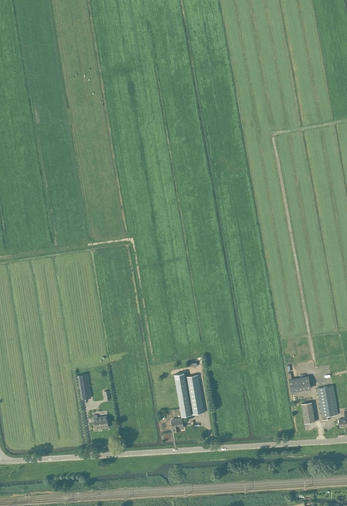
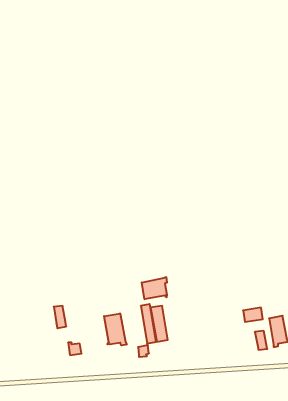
building: none -> [142,277,167,299]
building: none -> [104,313,127,345]

